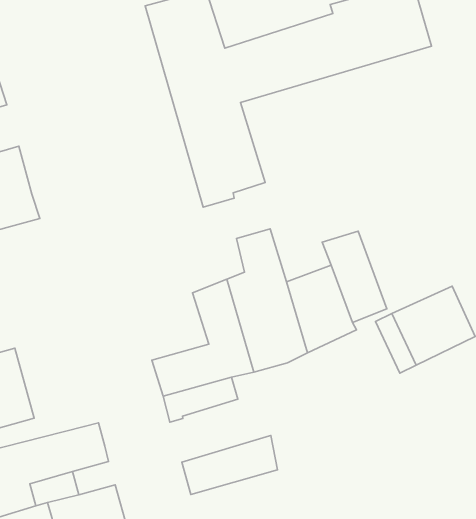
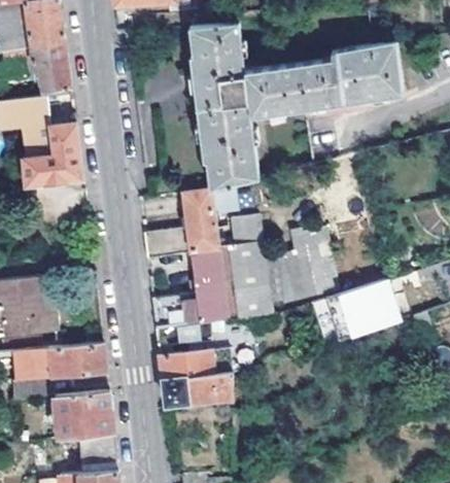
building: none -> [143,187,235,261]
building: none -> [158,350,231,382]

